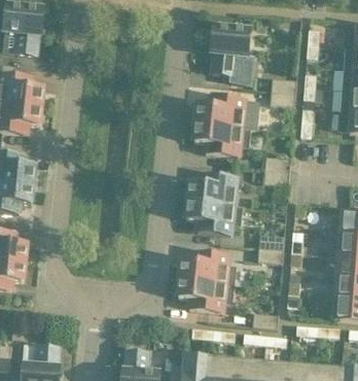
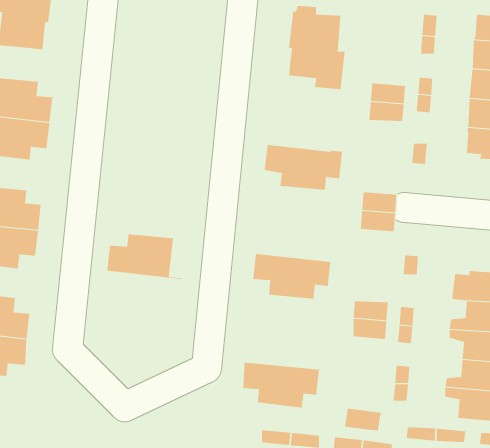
building: [196,97,244,129] -> none
building: [188,175,243,208] -> [106,234,182,280]
building: [180,253,237,285] -> none

